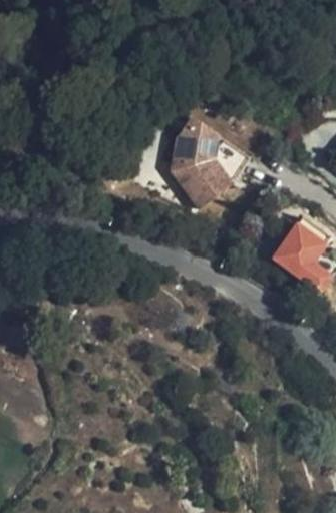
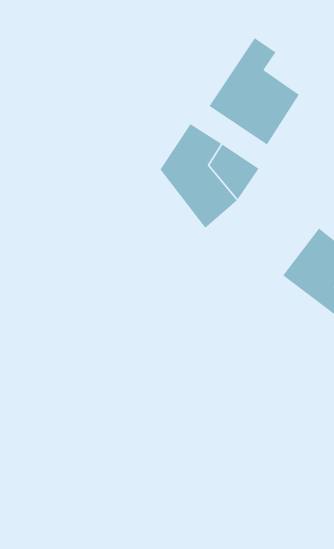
building: none -> [208,37,300,145]

